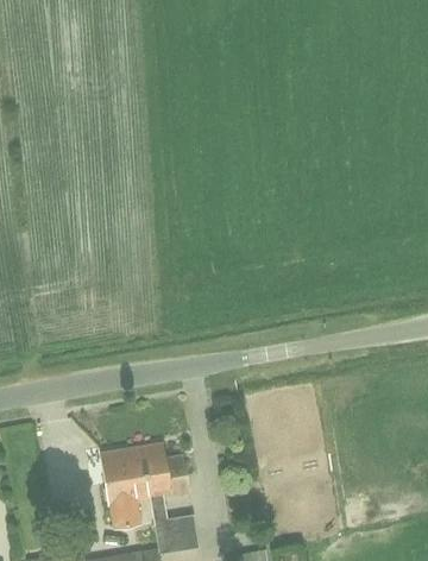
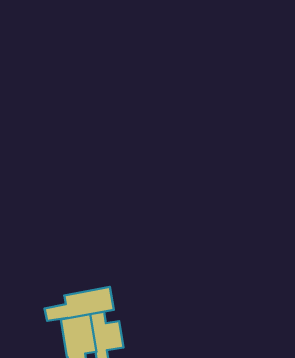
building: none -> [45,287,114,321]

